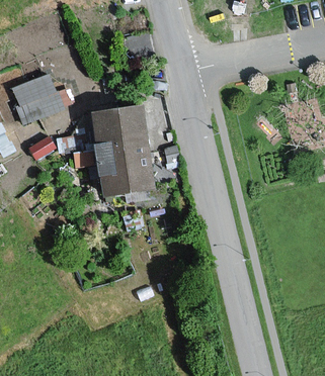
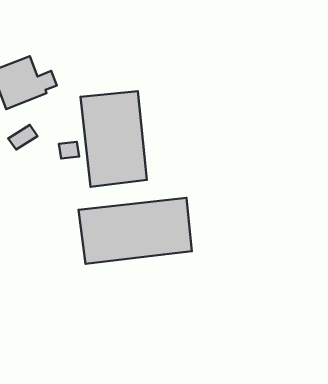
building: none -> [79,198,192,264]

